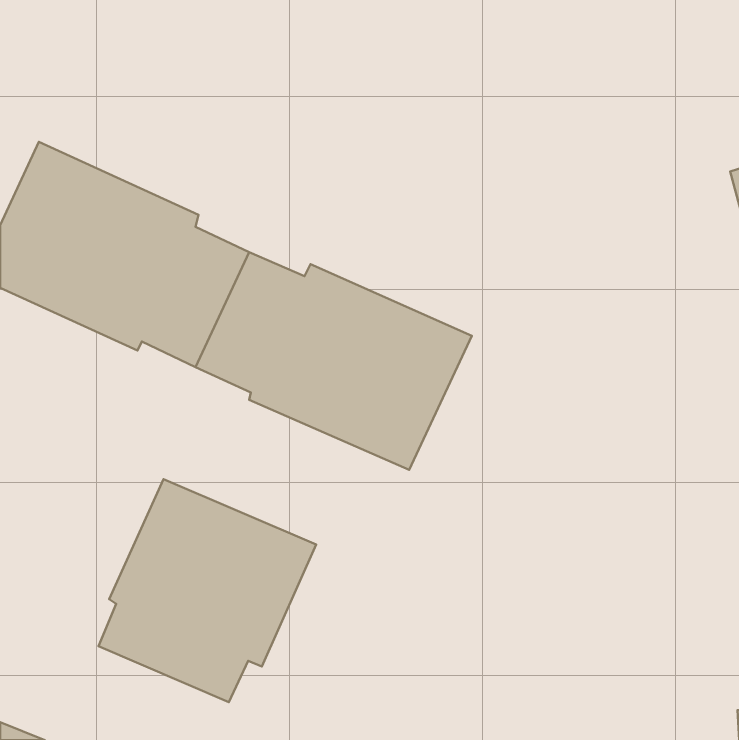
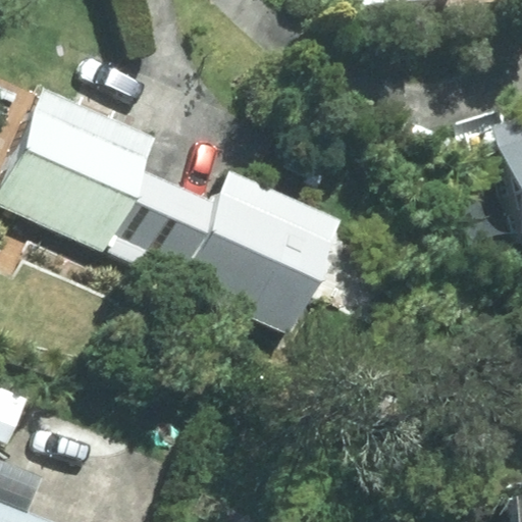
building: [98,479,316,702] -> none

